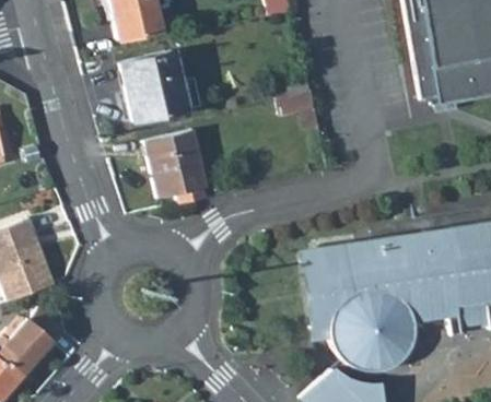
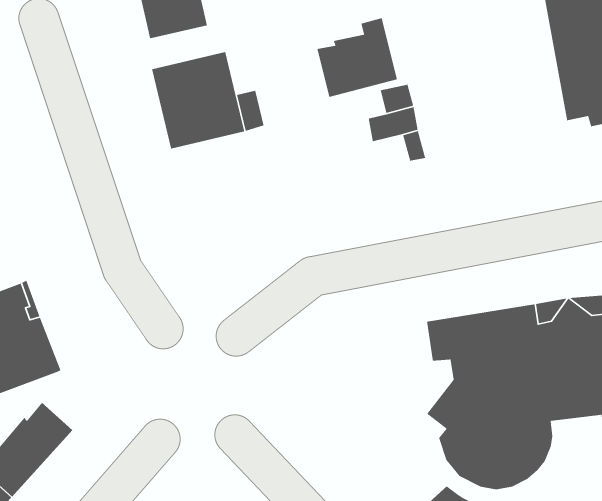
building: none -> [316,17,398,98]
building: [147,130,208,203] -> none
building: [299,248,340,342] -> none

